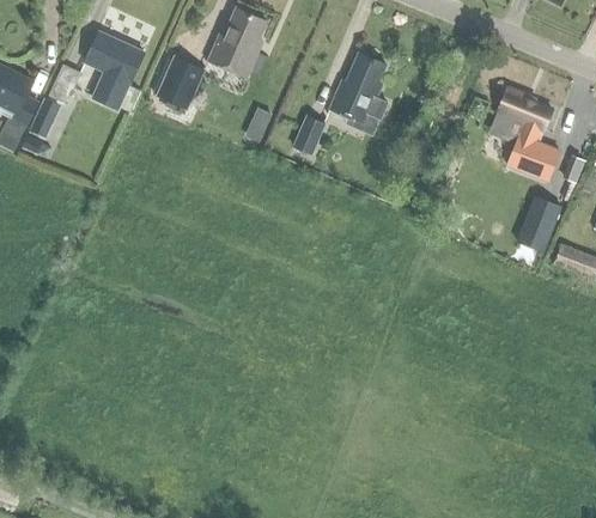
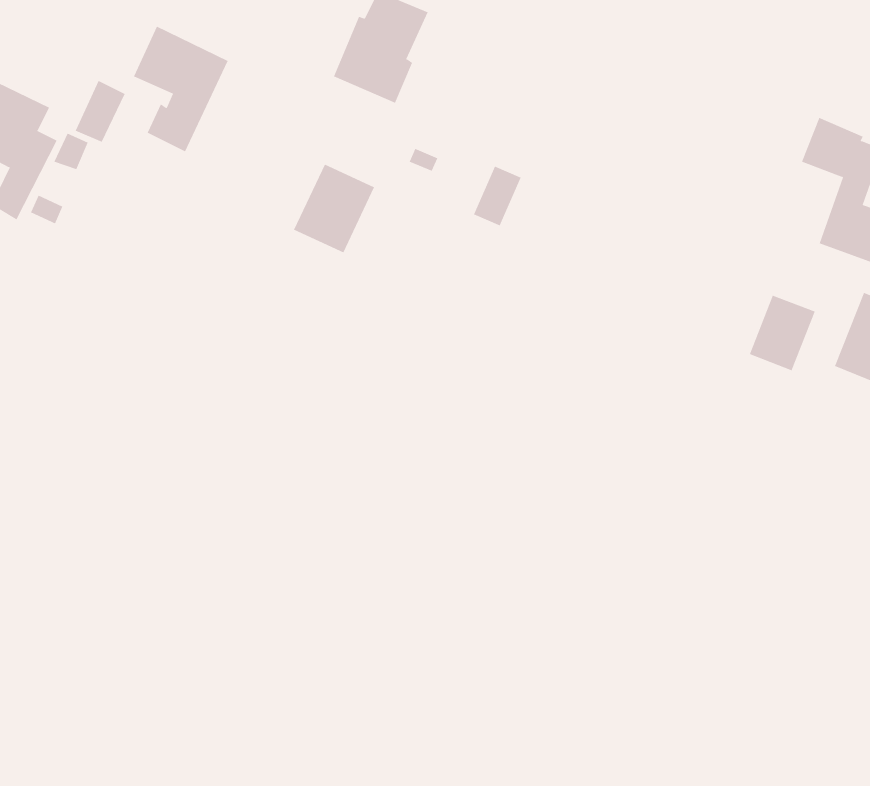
building: [330,54,388,126] -> none
building: [156,55,206,110] -> [293,164,375,253]
building: none -> [749,295,815,371]

